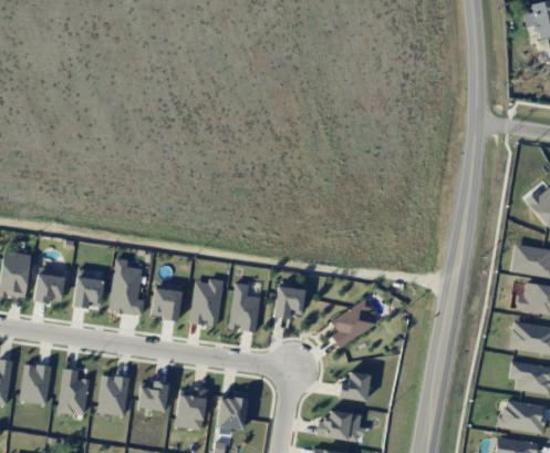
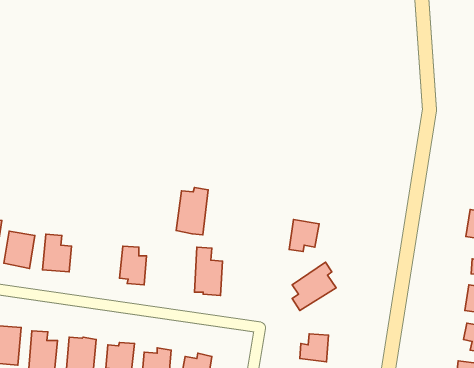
building: [110,258,145,316] -> none
building: [190,278,224,327] -> [176,188,208,235]
building: [274,286,305,319] -> [289,219,319,252]

